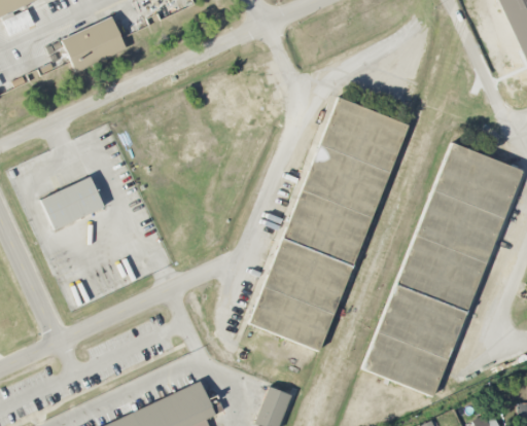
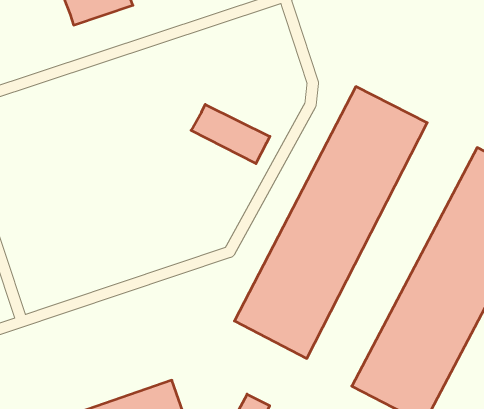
building: none -> [191,104,270,164]
building: [42,178,106,230] -> none

